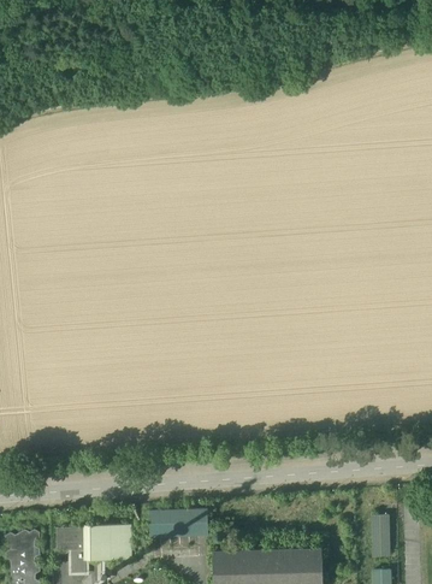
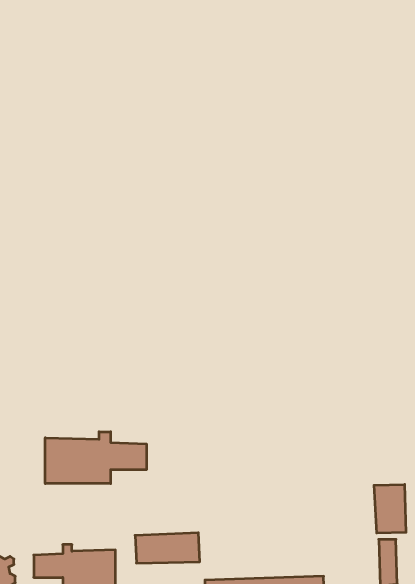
building: none -> [45,432,146,484]
building: none -> [374,484,406,533]

